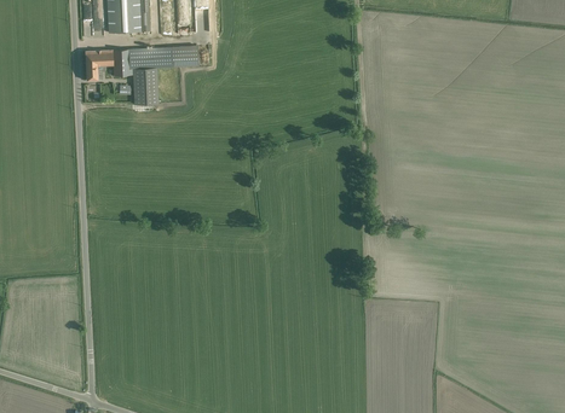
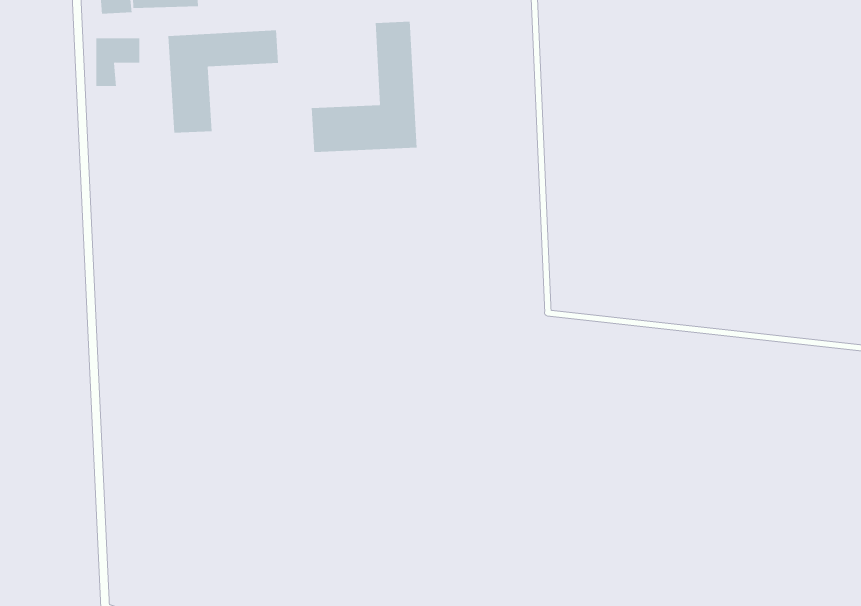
building: none -> [311,21,417,153]

